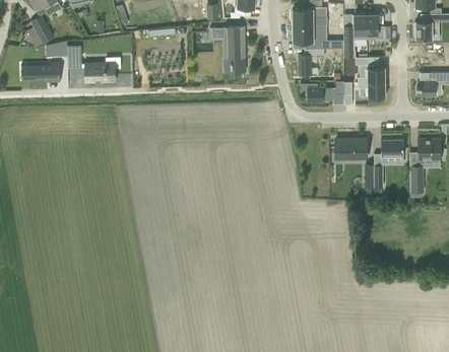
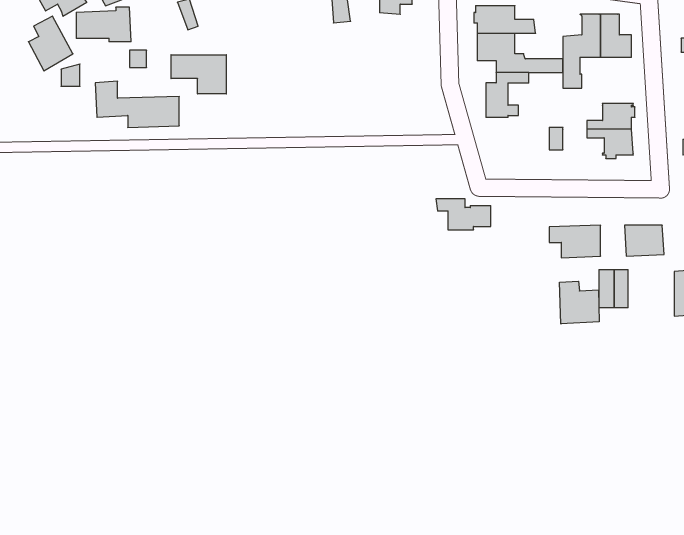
building: [212,27,243,71] -> none
building: none -> [171,55,226,94]
building: [26,62,59,82] -> [76,7,131,42]
building: [301,83,333,101] -> [436,199,491,230]
building: none -> [560,281,599,324]

